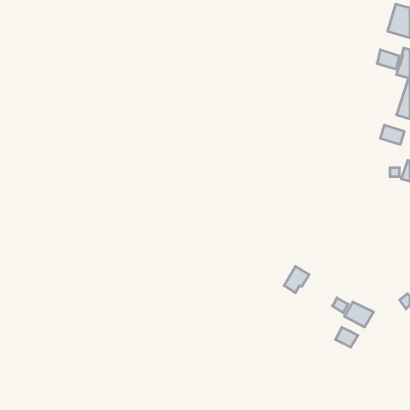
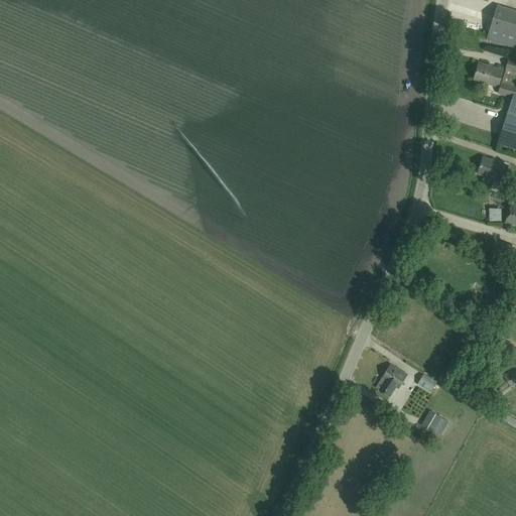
building: [284,266,309,293] -> [376,364,407,397]
building: [344,302,374,327] -> none

